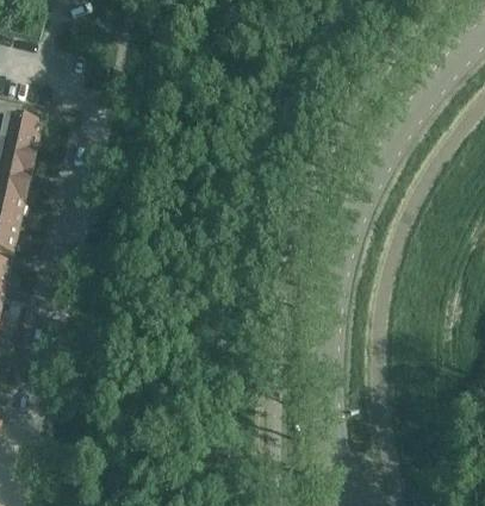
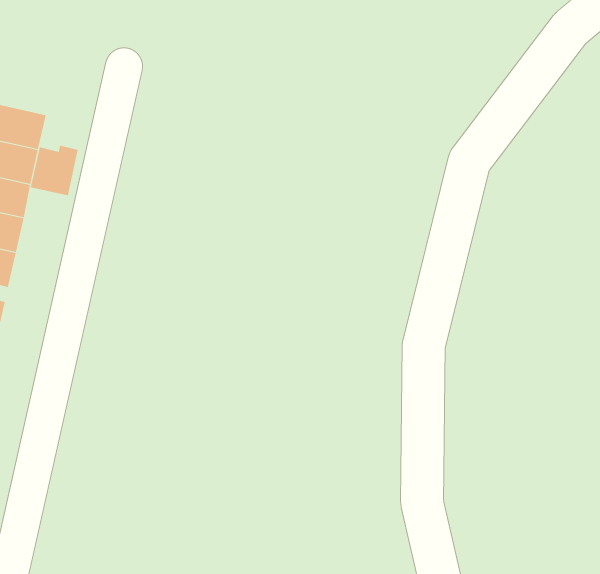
building: none -> [30,145,79,196]

